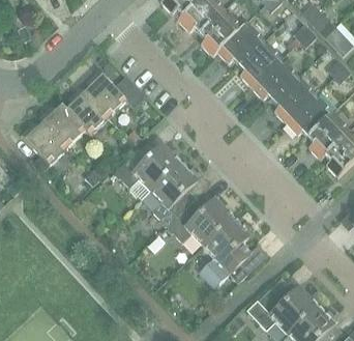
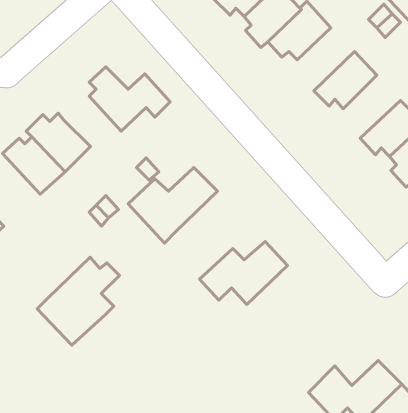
building: [239,39,282,86] -> none
building: [273,75,316,121] -> none
building: [66,85,109,133] -> none
building: [141,161,202,226] -> [37,257,119,345]
building: [199,216,267,286] -> none

